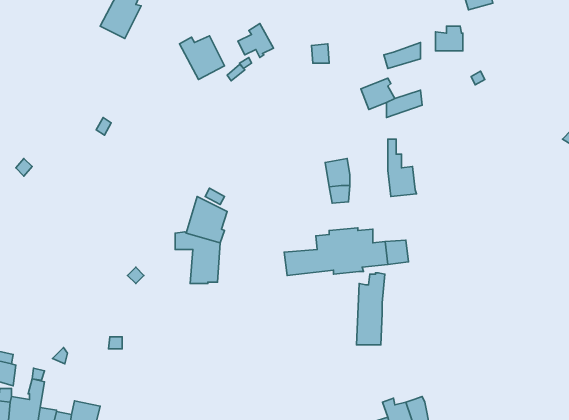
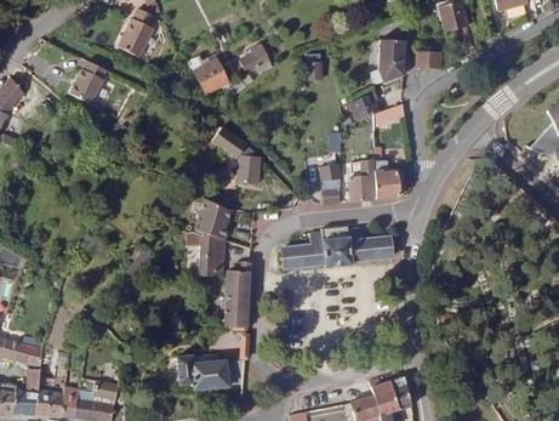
building: none -> [380,40,405,70]
building: none -> [70,62,107,106]
building: none -> [212,129,261,184]
building: none -> [349,160,375,203]
building: [356,273,385,345] -> [226,262,251,326]
building: none -> [177,354,245,391]

